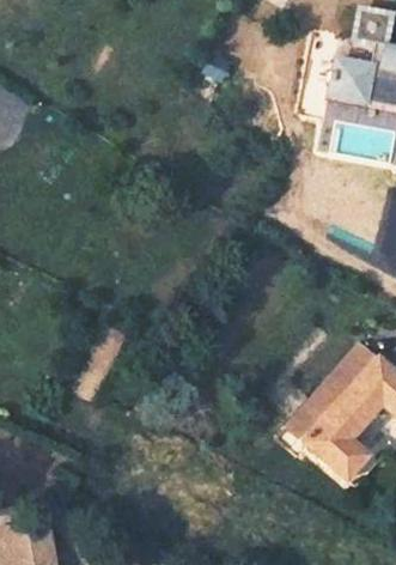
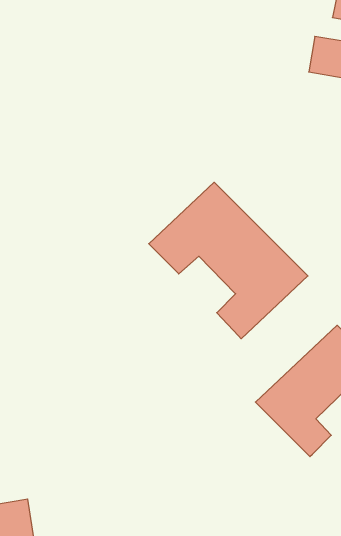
building: none -> [149,182,308,339]

